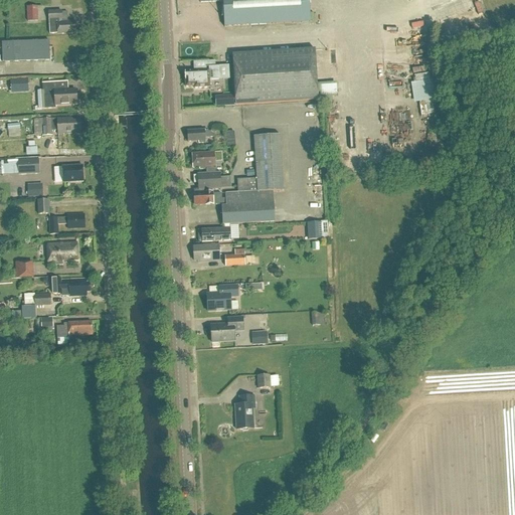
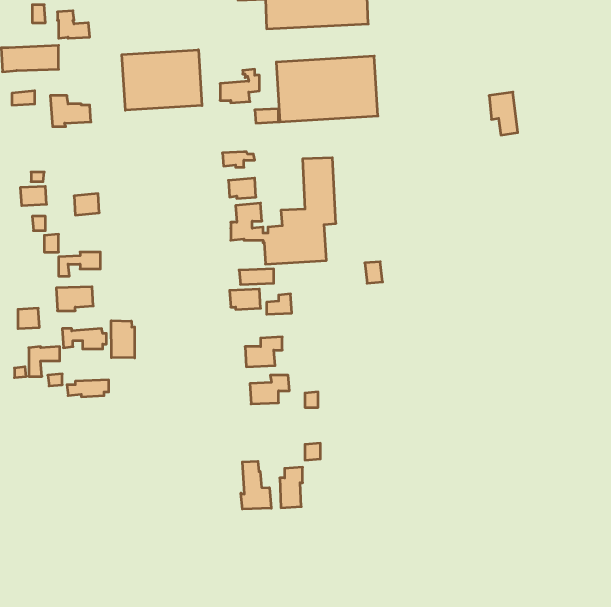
building: none -> [122,50,202,110]
building: [41,116,80,134] -> none
building: none -> [111,321,135,358]
building: none -> [241,461,271,509]

